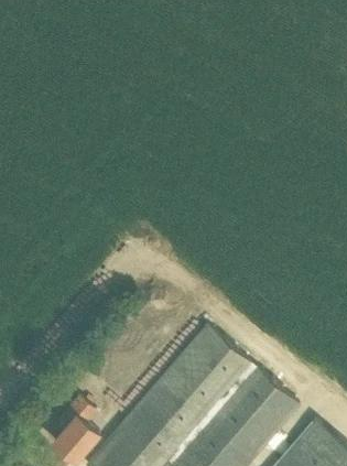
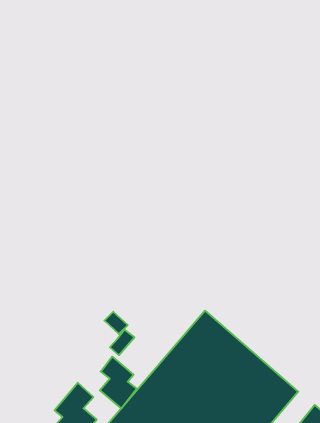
building: none -> [100,357,137,408]

